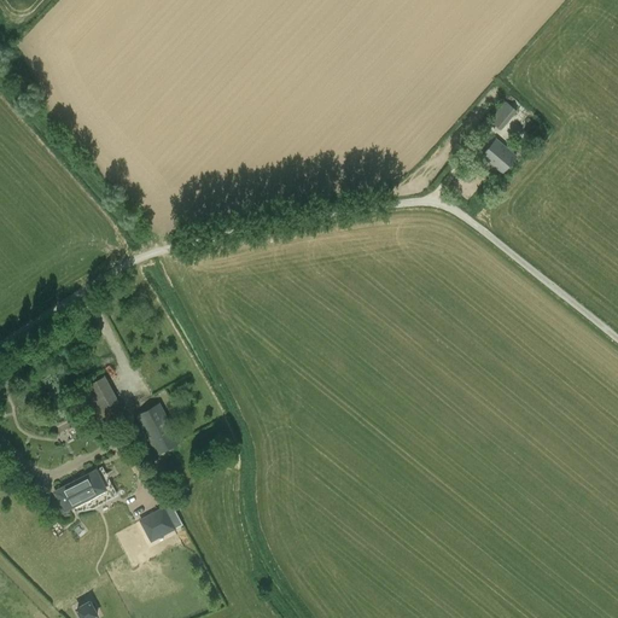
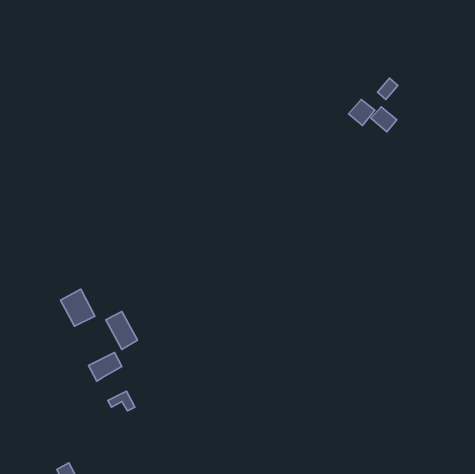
building: none -> [349,99,375,125]
building: [63,471,106,508] -> [88,352,122,381]

